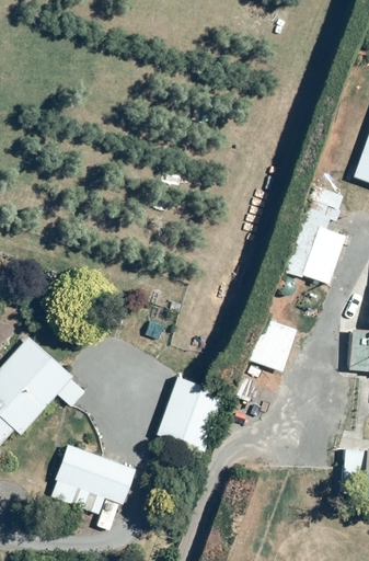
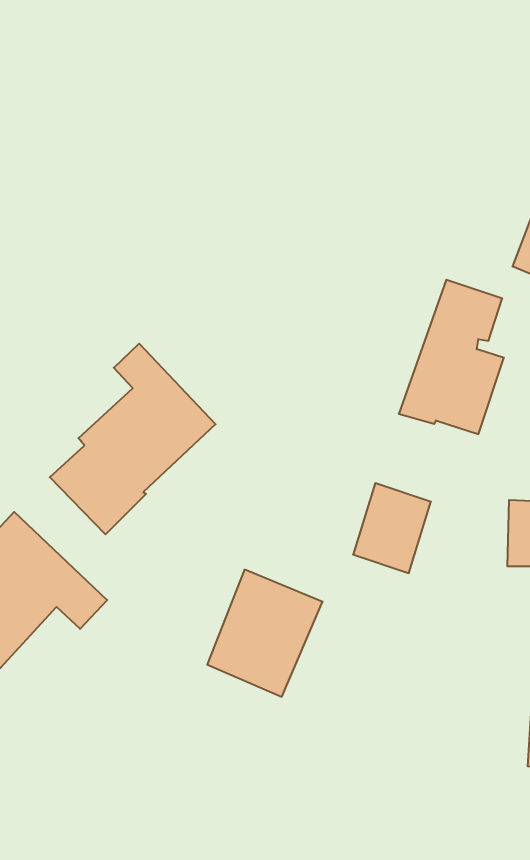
building: none -> [50,344,216,534]
building: [51,440,137,534] -> none

